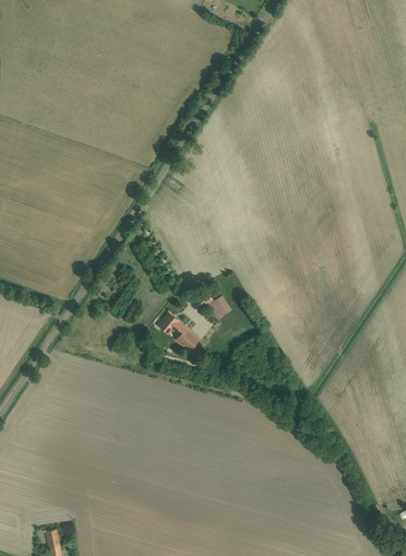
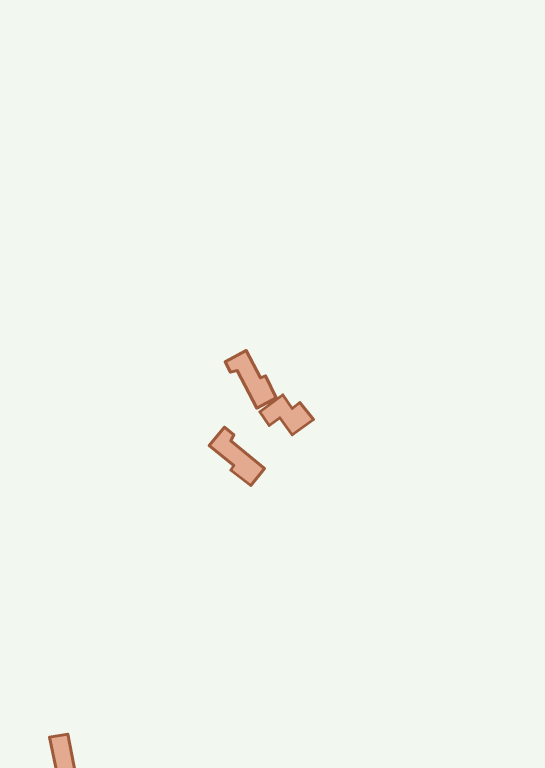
building: none -> [225,350,276,408]

